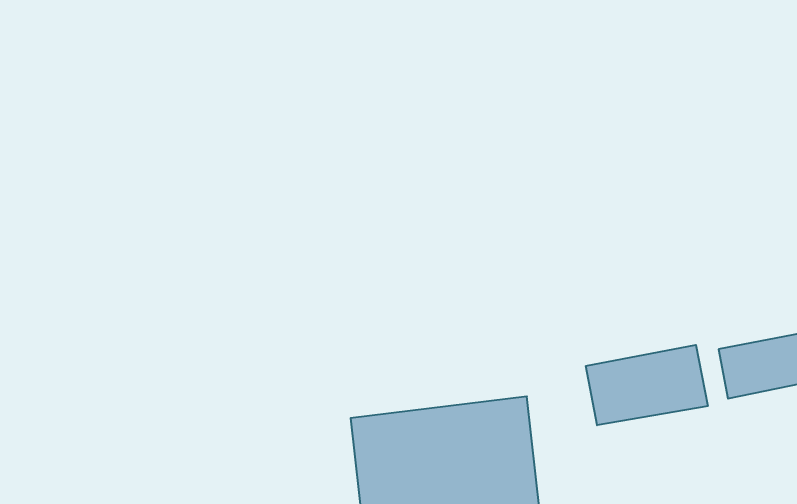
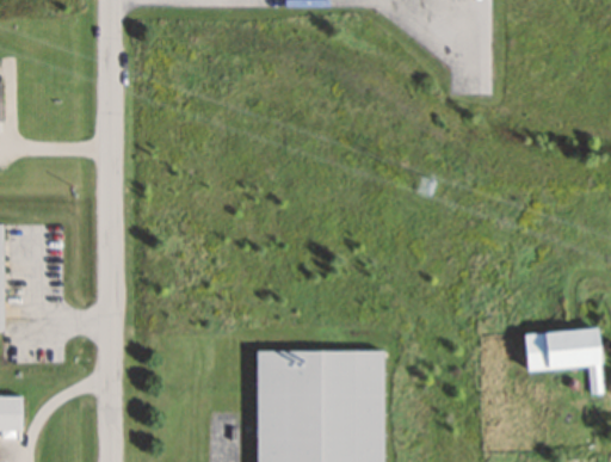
building: [586,345,708,425] -> none

